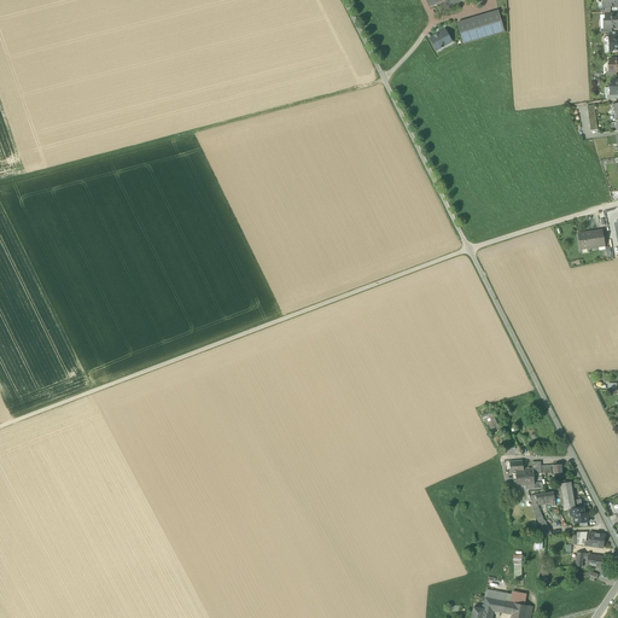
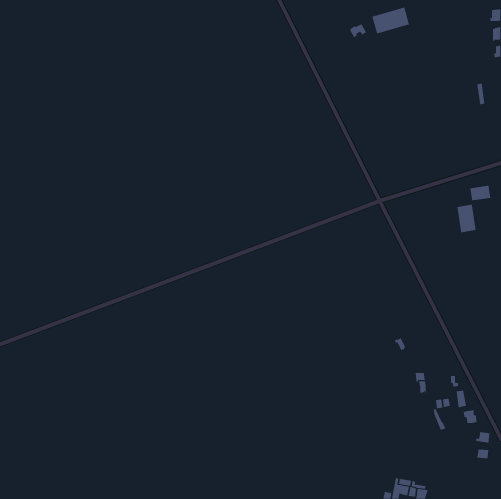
building: none -> [457,204,476,233]

